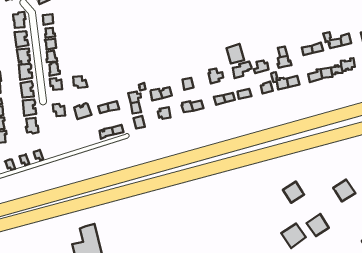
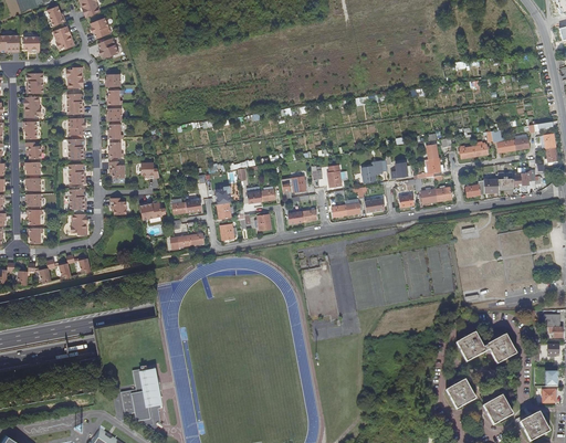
building: [226,44,244,63] -> none
building: [283,182,304,203] -> [457,333,485,361]
building: none -> [483,394,513,424]
building: [281,223,306,248] -> none

